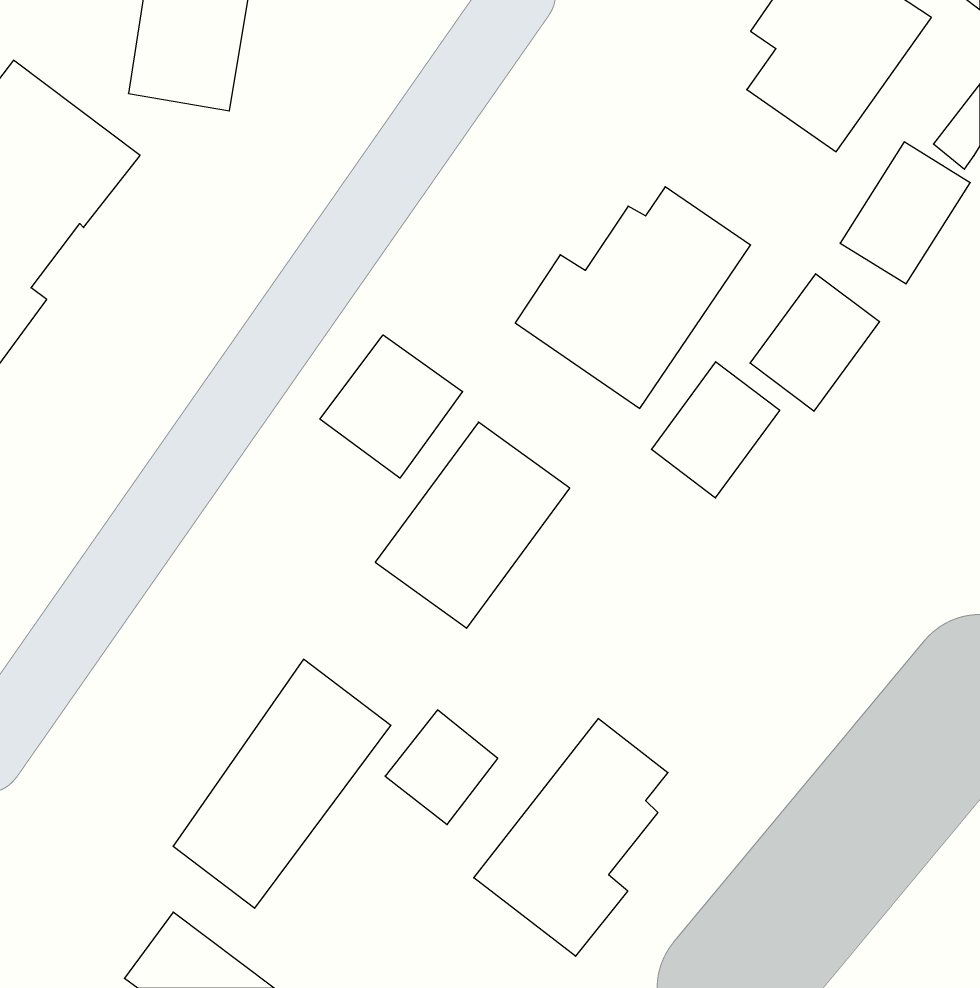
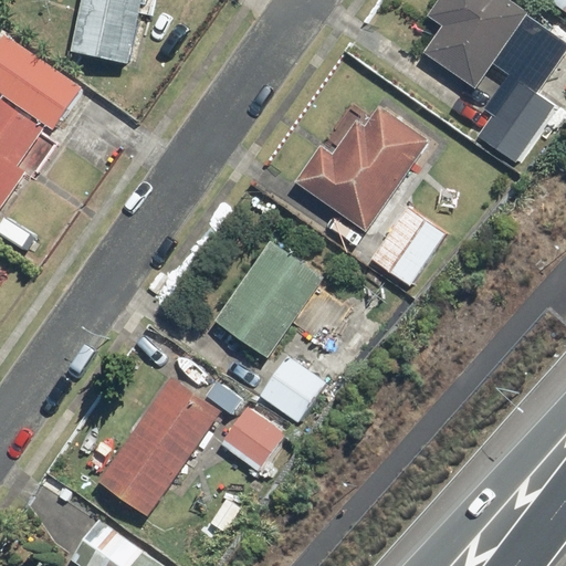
building: [750,274,880,411] -> none
building: [320,335,463,478] -> none
building: none -> [259,358,322,421]
building: [474,718,668,956] -> none

